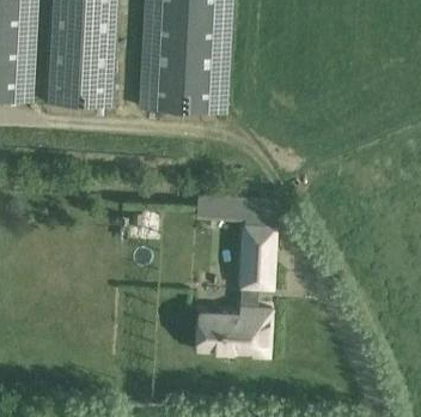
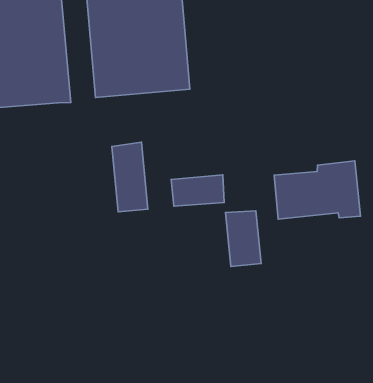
building: none -> [112,142,148,212]
building: [193,306,273,359] -> [274,161,360,219]

